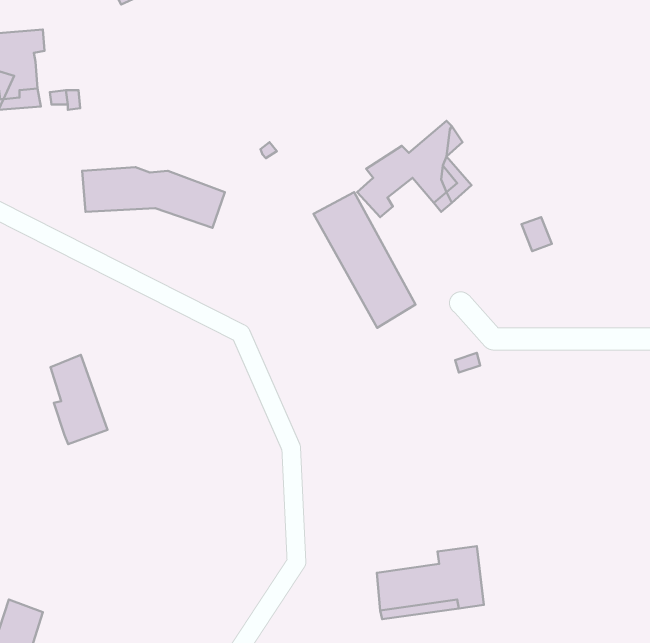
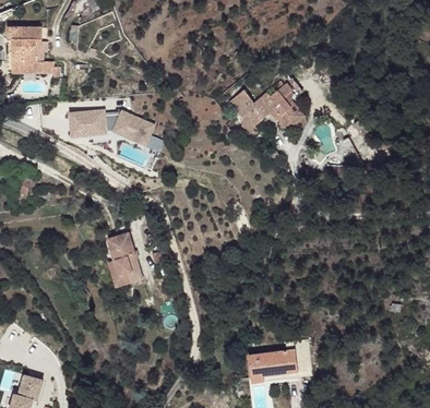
building: [313,192,415,328] -> none
building: [50,355,108,444] -> [109,236,144,290]

